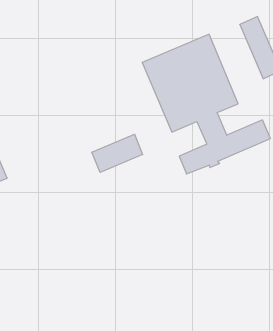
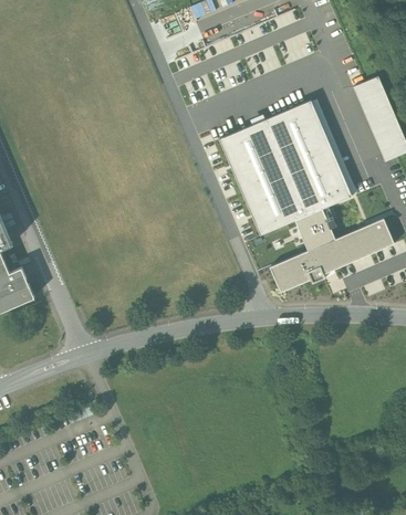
building: [92,134,143,172] -> none

